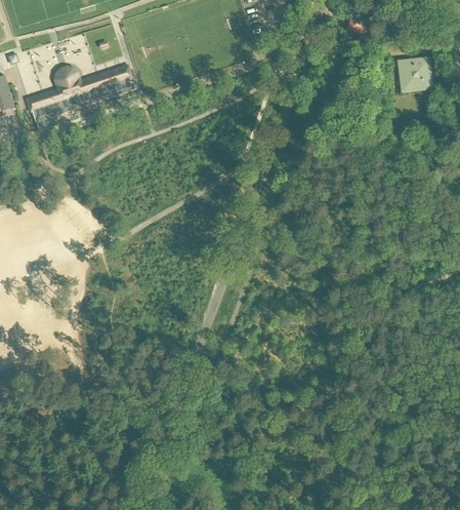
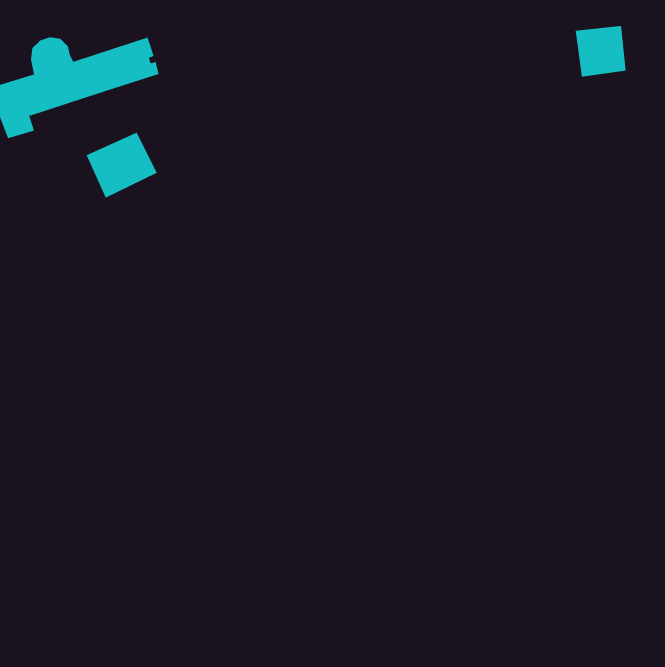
building: none -> [86,132,157,198]

